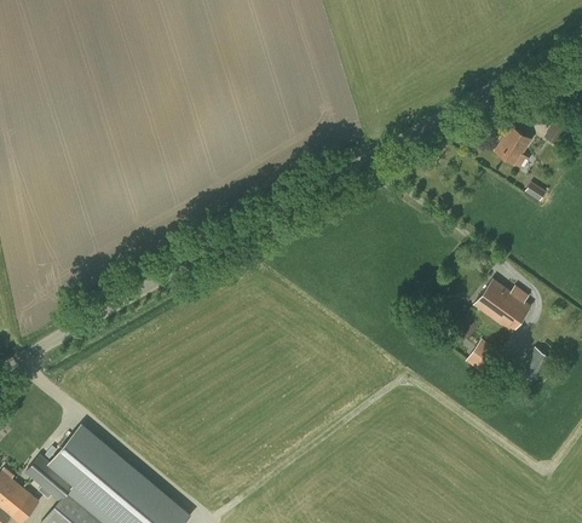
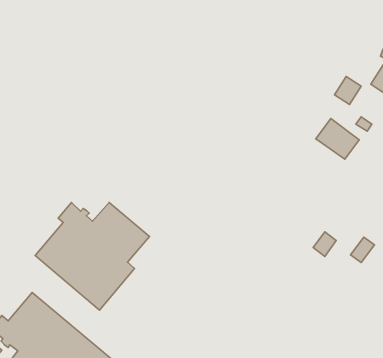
building: [472,277,531,333] -> [316,119,359,159]
building: none -> [35,202,150,310]

